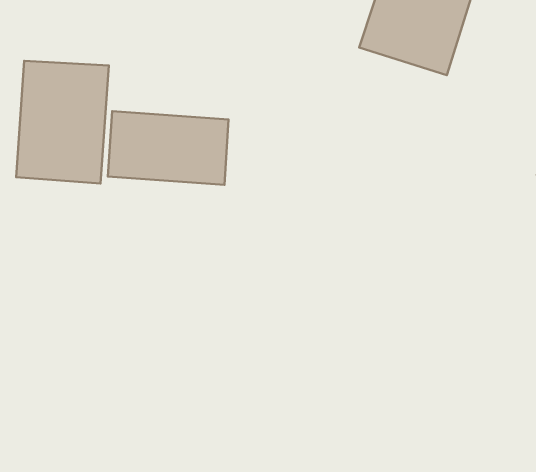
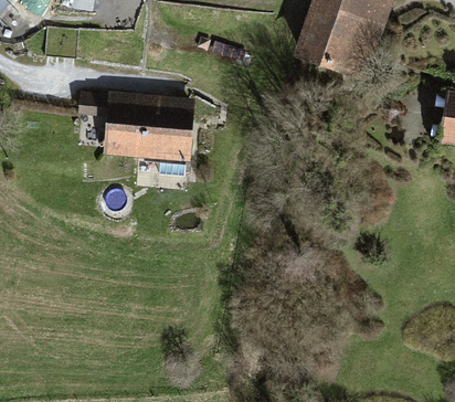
building: [16,61,109,184] -> none

